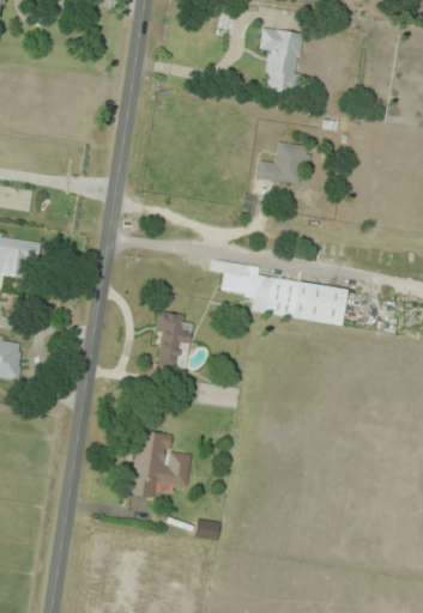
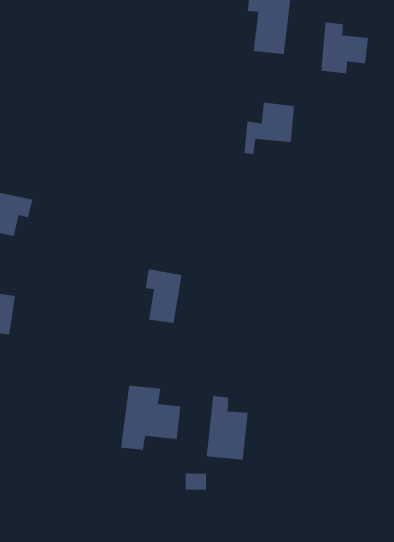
building: none -> [320,22,369,74]
building: [210,259,346,327] -> none
building: none -> [206,395,248,461]

